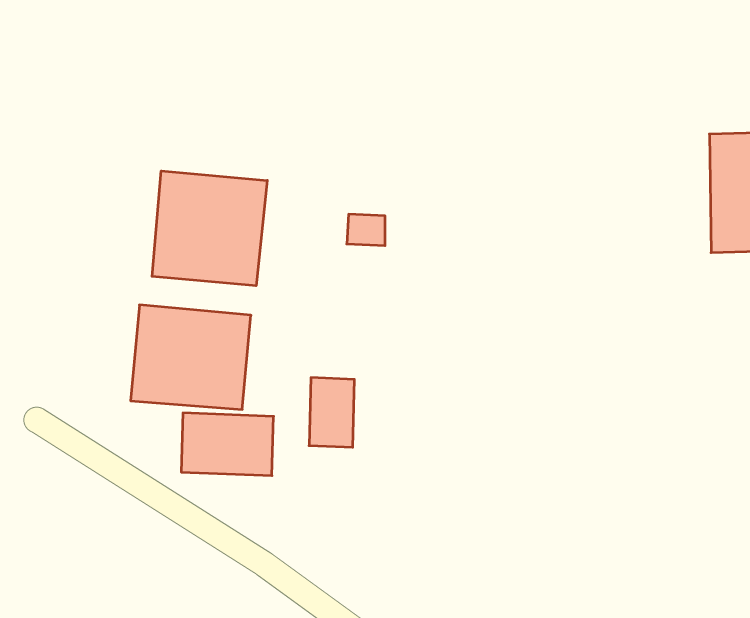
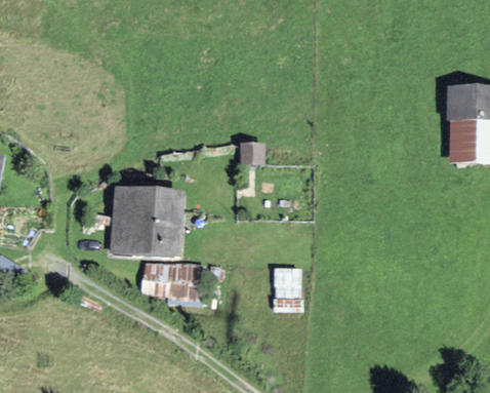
building: [152,171,267,286] -> none
building: [309,378,354,447] -> [276,265,302,306]

